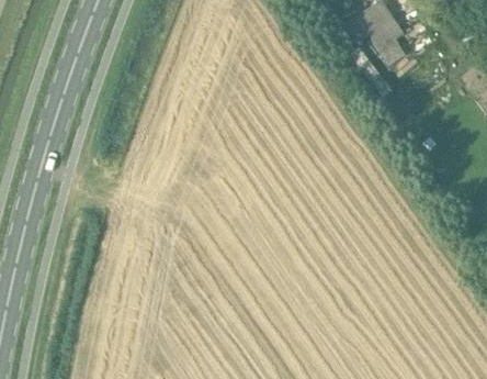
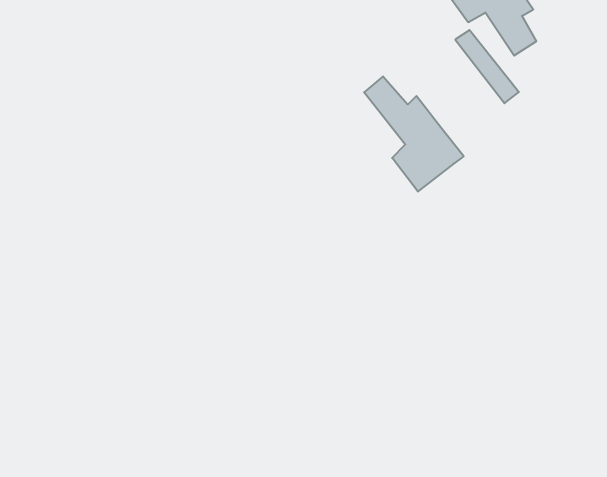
building: none -> [364,76,464,192]

